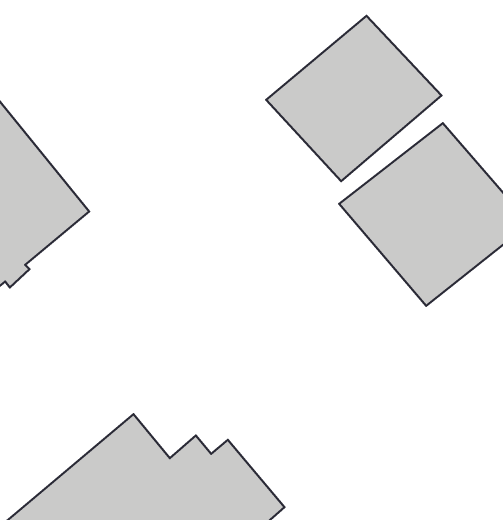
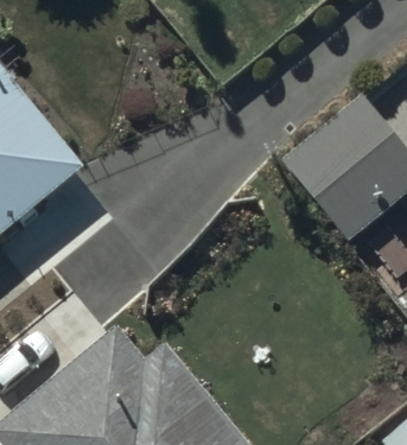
building: [266,16,442,181] -> none

